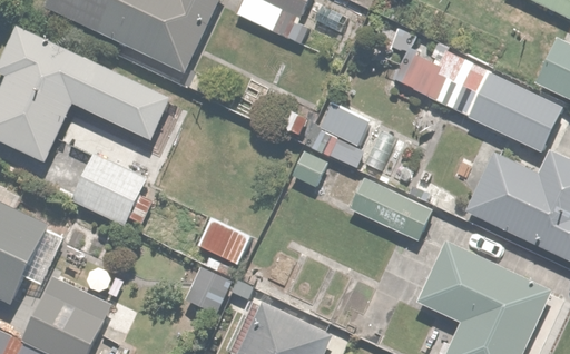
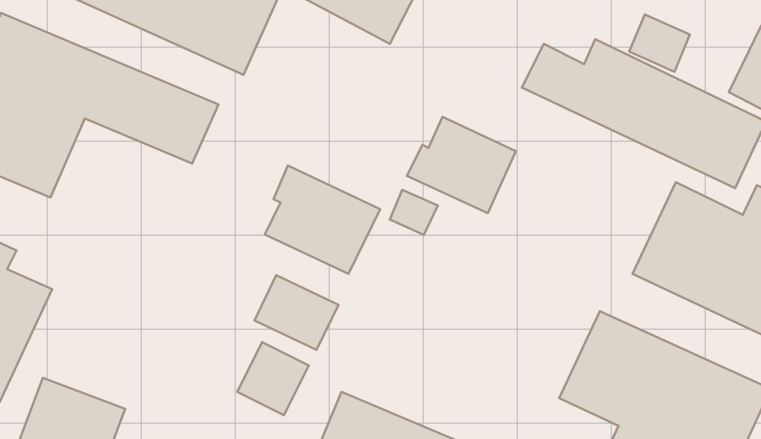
building: none -> [265,166,380,274]
building: [71,155,148,228] -> none
building: [348,177,433,239] -> none

